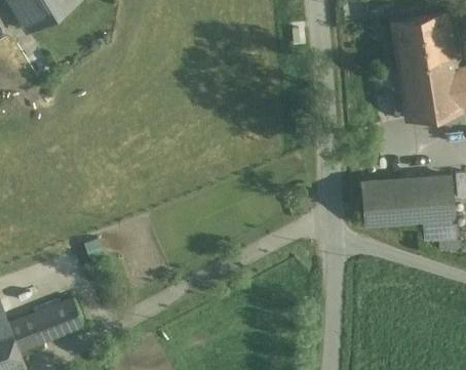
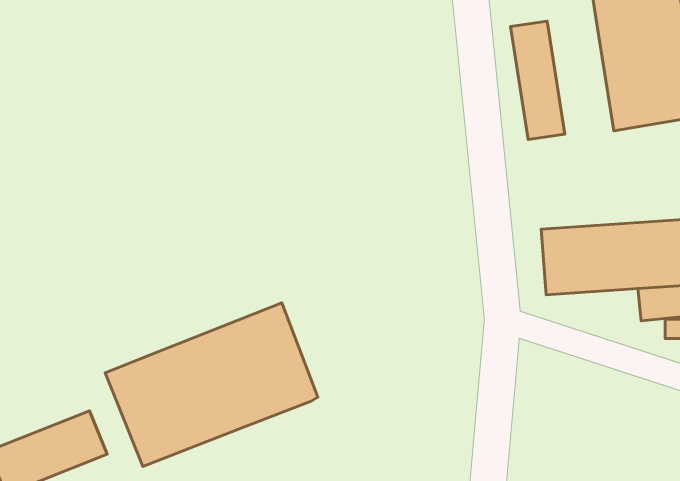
building: none -> [511,21,565,139]
building: none -> [105,303,318,466]

